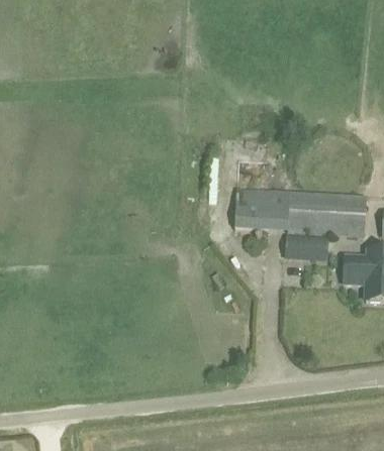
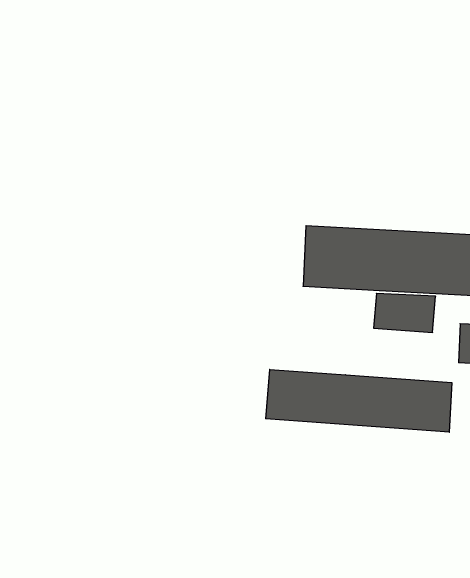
building: none -> [266,369,452,432]

